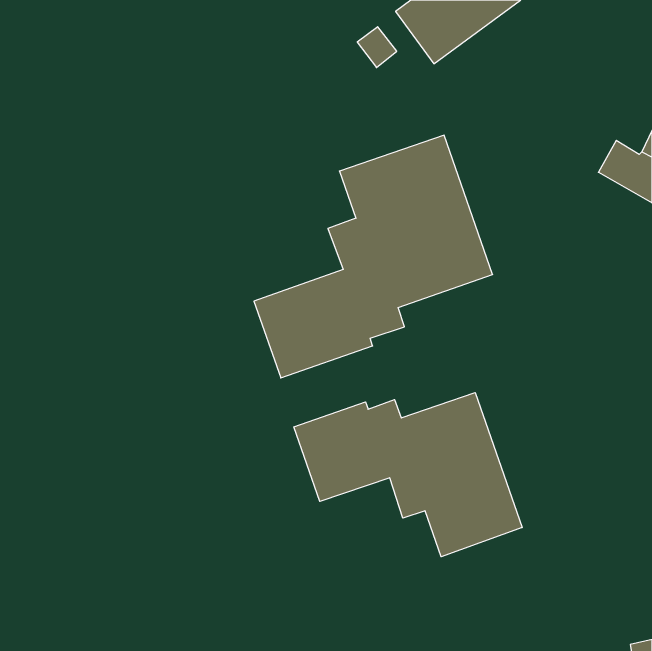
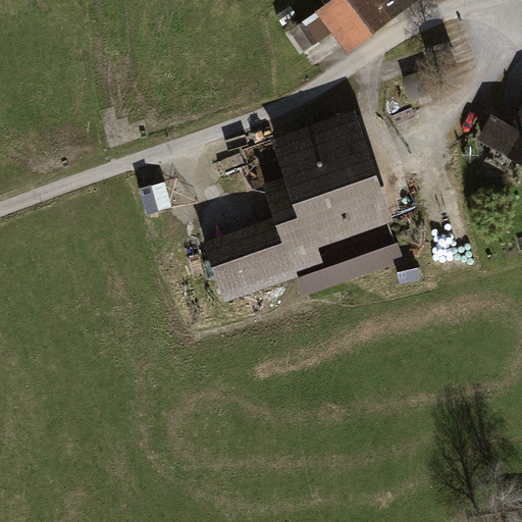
building: [294,393,522,557] -> none

